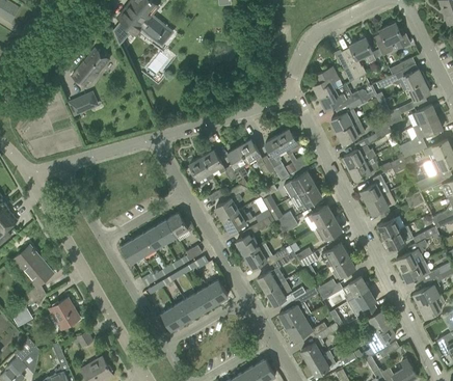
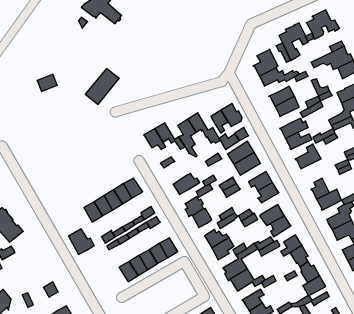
building: [71,48,109,88] -> [85,69,119,104]
building: [215,185,248,220] -> none
building: [367,191,396,218] -> none
building: [50,300,79,329] -> [68,229,94,255]

